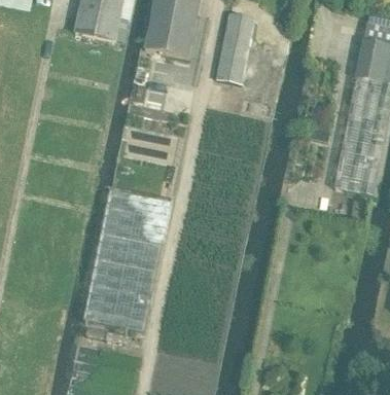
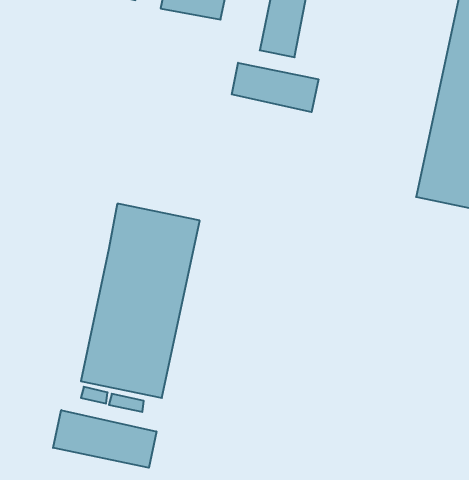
building: none -> [232,63,318,112]
building: none -> [53,410,156,468]

